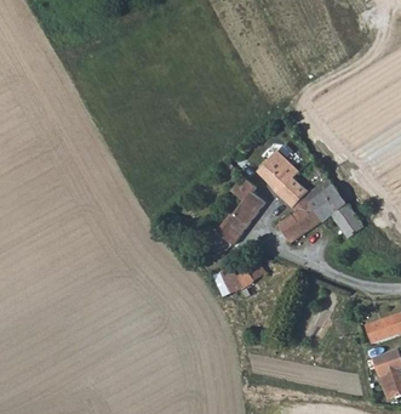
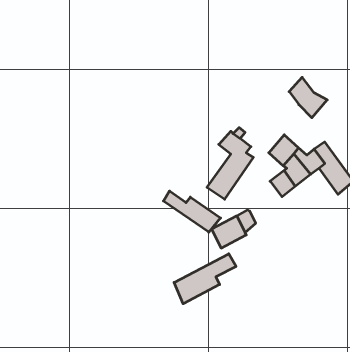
building: [256,153,294,194] -> [289,77,327,118]
building: none -> [163,191,221,232]
building: none -> [174,254,236,304]

